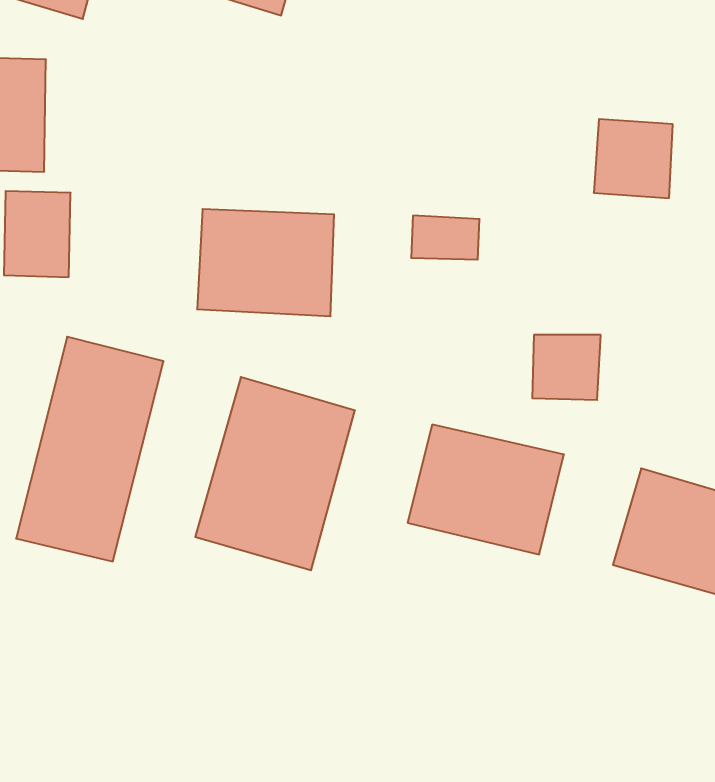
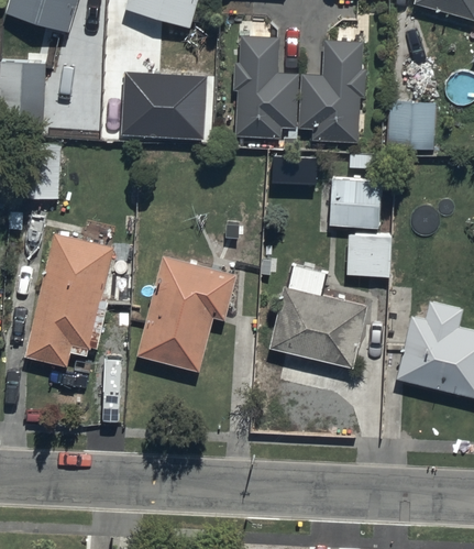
building: none -> [234,36,365,144]
building: [197,209,334,316] -> [120,73,206,140]
building: none -> [330,175,381,224]

